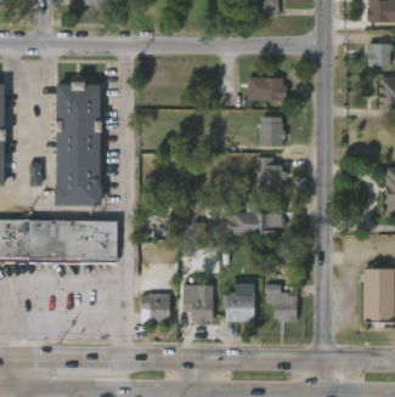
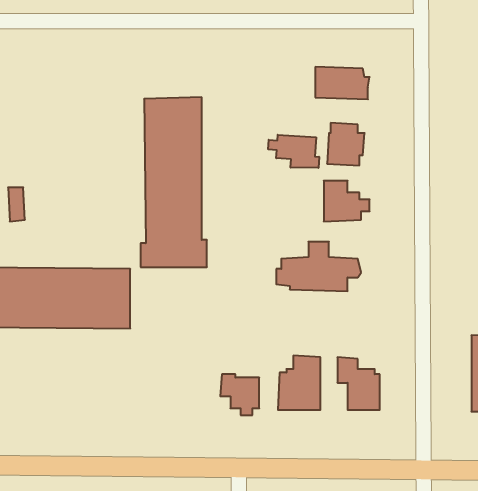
building: [56,85,103,206] -> [141,97,207,267]
building: none -> [268,135,319,168]
building: [141,295,170,325] -> none

